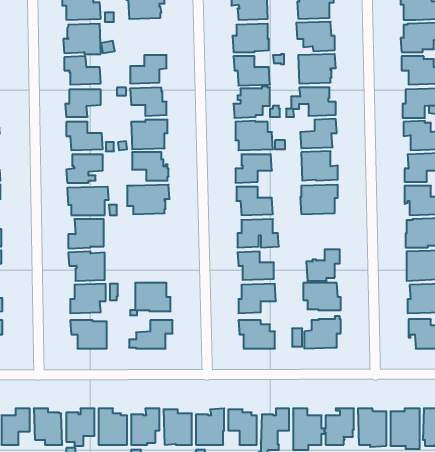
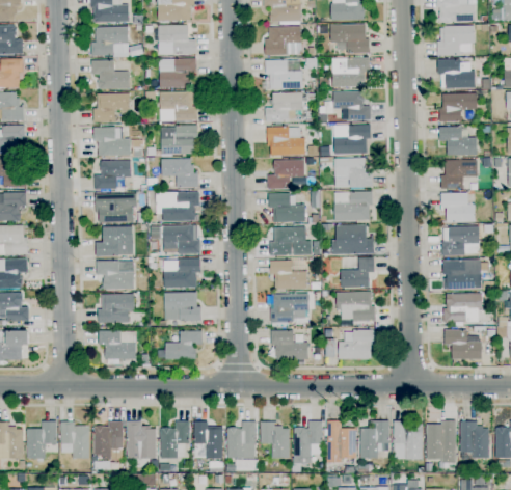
building: none -> [158,24,195,54]
building: none -> [331,224,373,254]
building: none -> [162,225,199,253]
building: none -> [163,258,200,288]

